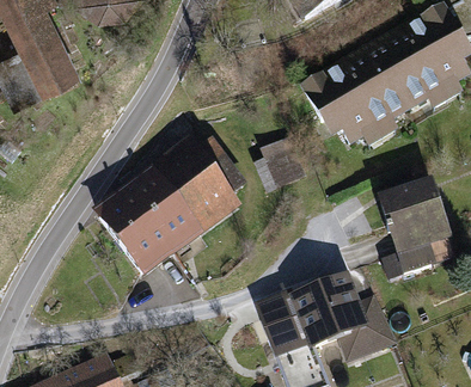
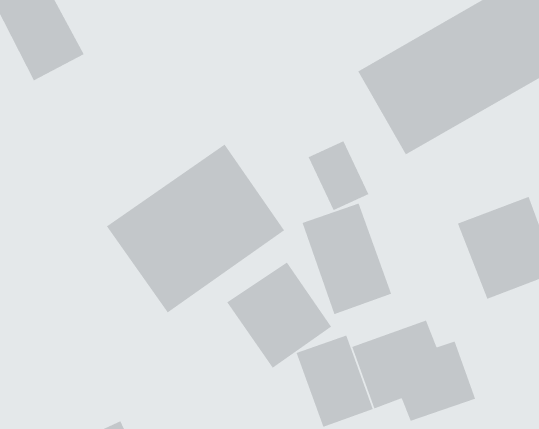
building: none -> [302,203,392,315]
building: none -> [226,261,332,369]

